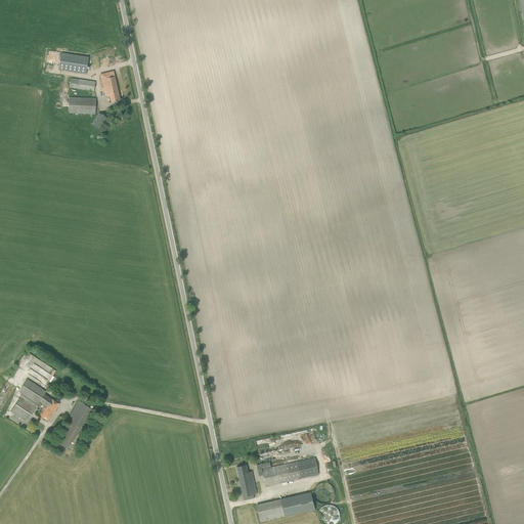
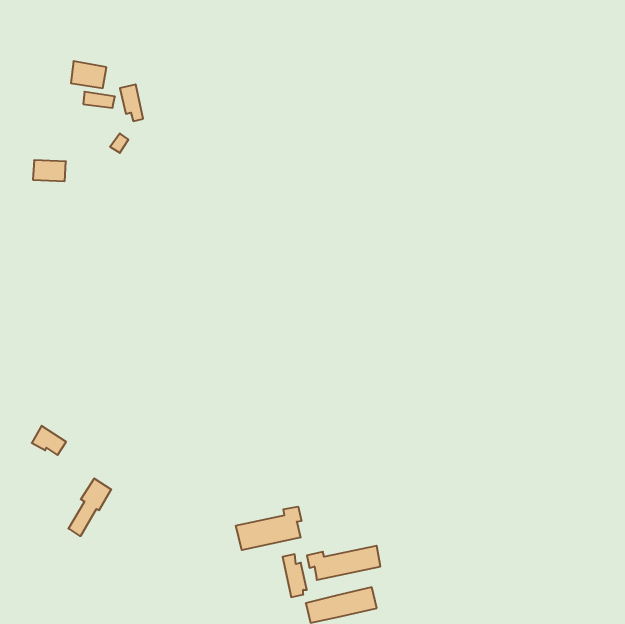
building: [69,96,96,114] -> [33,160,66,181]
building: [10,379,59,421] -> none
building: none -> [236,507,301,550]

